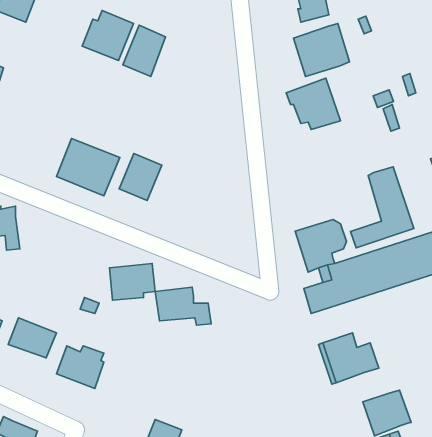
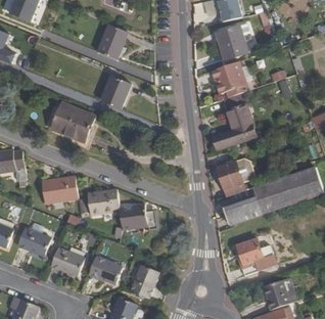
building: [82,11,133,60] -> none
building: [119,153,162,201] -> [101,76,131,108]
building: [350,167,414,248] -> [212,93,256,149]
building: none -> [41,177,78,202]
building: none -> [89,257,122,285]
building: none -> [131,266,159,299]

